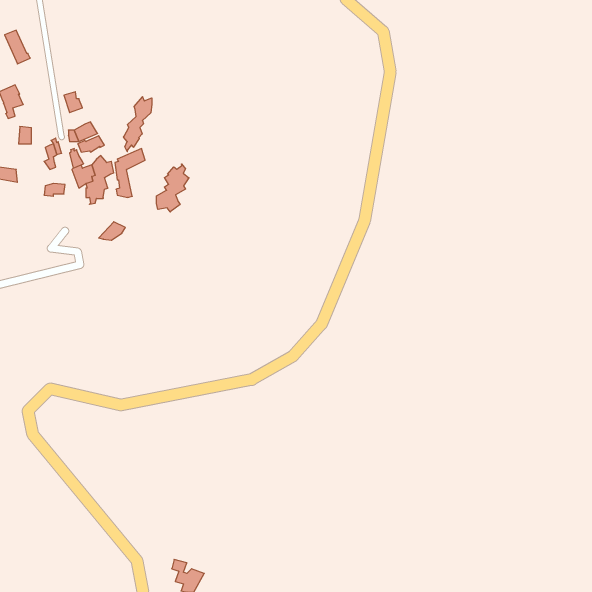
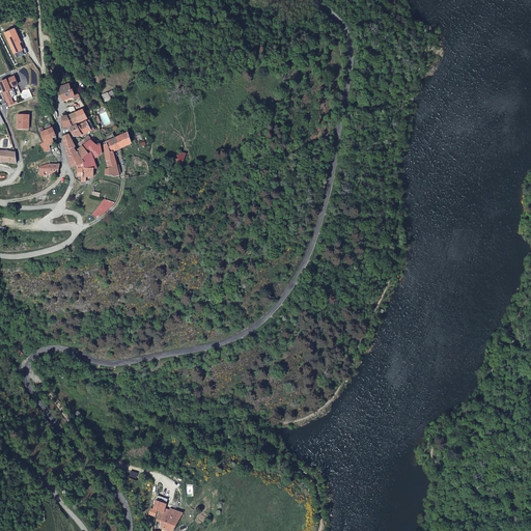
building: [124,97,152,152] -> none
building: [156,164,189,212] -> none

